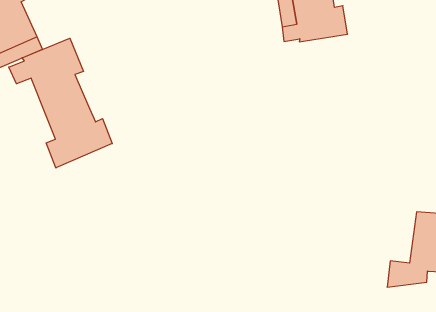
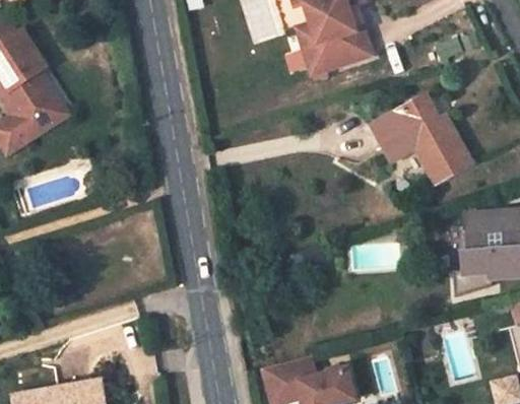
building: [9,38,112,168] -> none
building: none -> [373,96,469,181]

